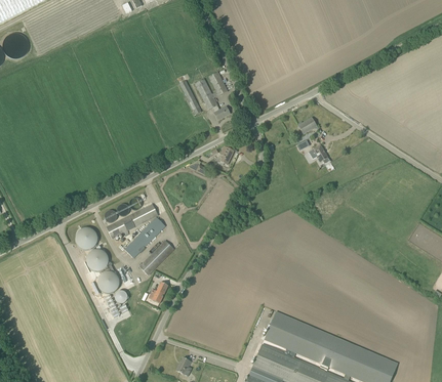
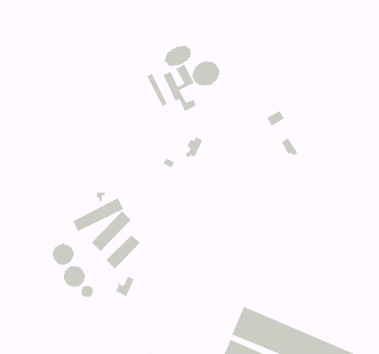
building: none -> [164,45,192,67]
building: none -> [191,60,221,87]
building: [75,226,96,249] -> none

